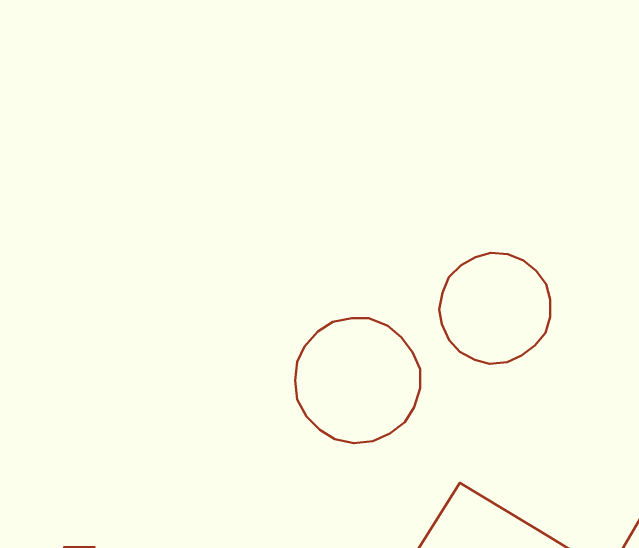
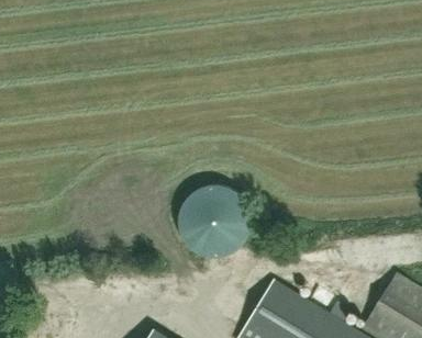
building: [439,253,550,364] -> none

